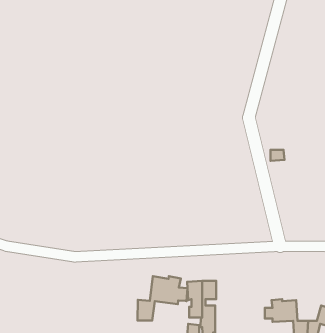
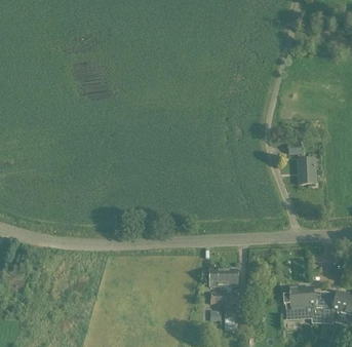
building: none -> [296,158,314,184]
building: [137,276,187,320] -> none

